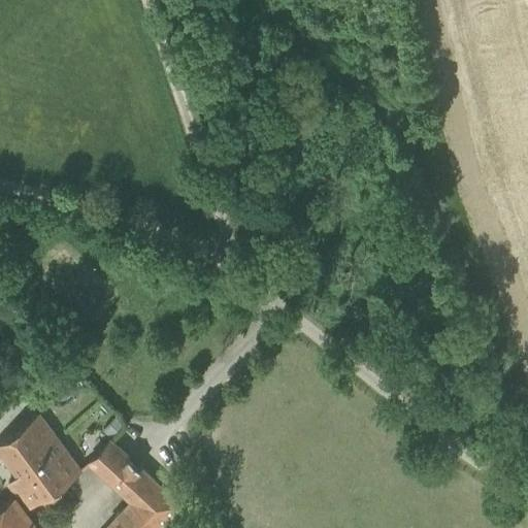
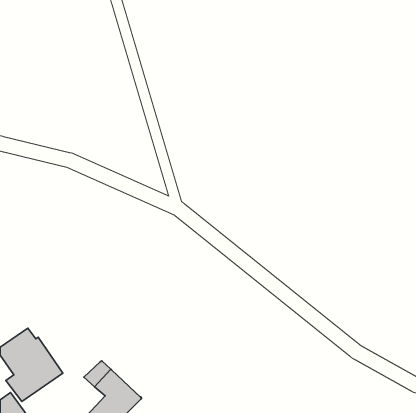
building: [89,443,129,482] -> none

